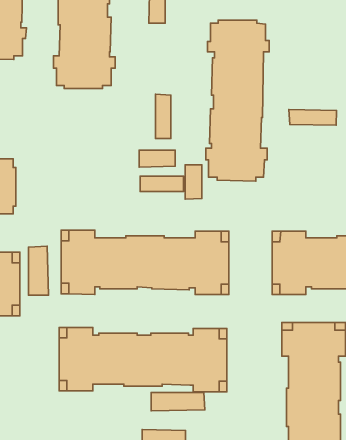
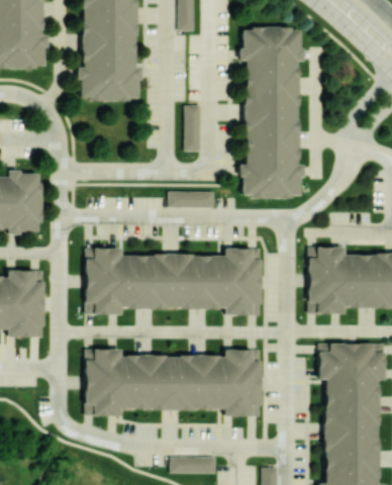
building: [289,110,336,125] -> none
building: [139,150,175,167] -> none
building: [185,165,202,199] -> none
building: [29,246,48,295] -> none
building: [151,392,205,411] -> none

